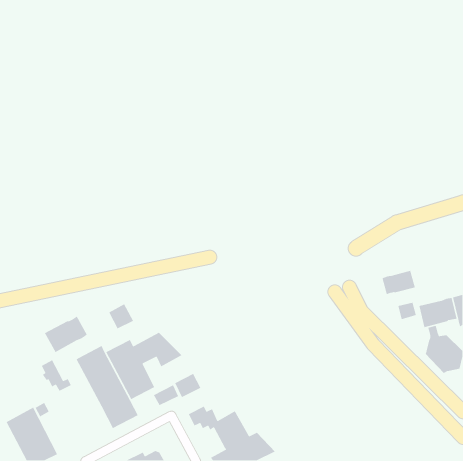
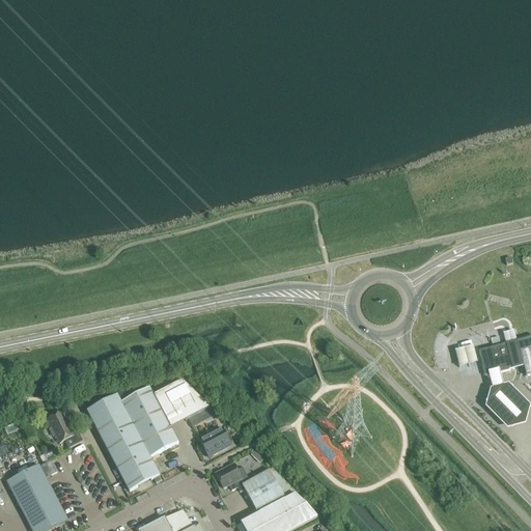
building: [381,270,416,295] -> none
building: [108,303,134,330] -> none
building: [44,315,88,353] -> none
building: [153,384,179,406] -> none

